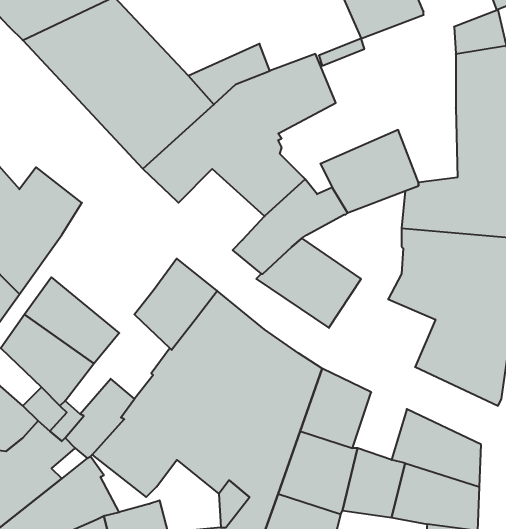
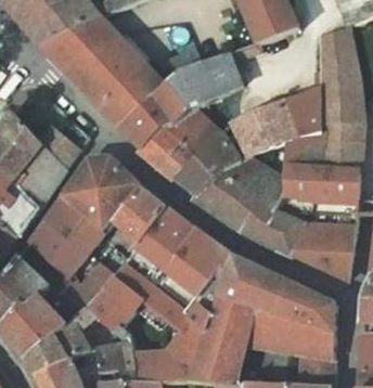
building: none -> [281,88,319,135]
building: none -> [136,127,195,181]
building: none -> [59,156,139,232]
building: none -> [219,156,305,256]
building: none -> [252,270,286,313]

